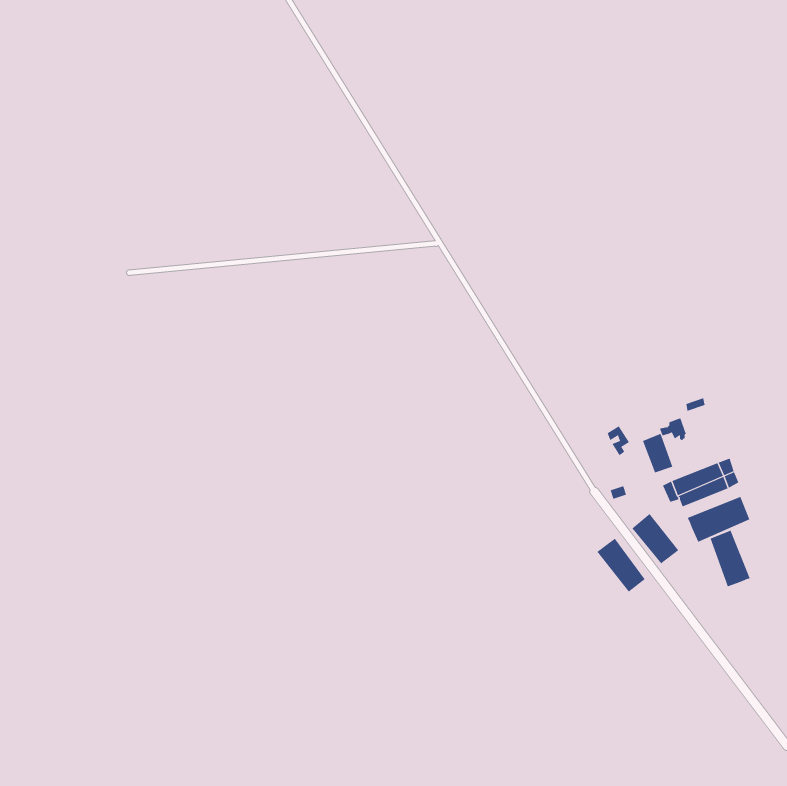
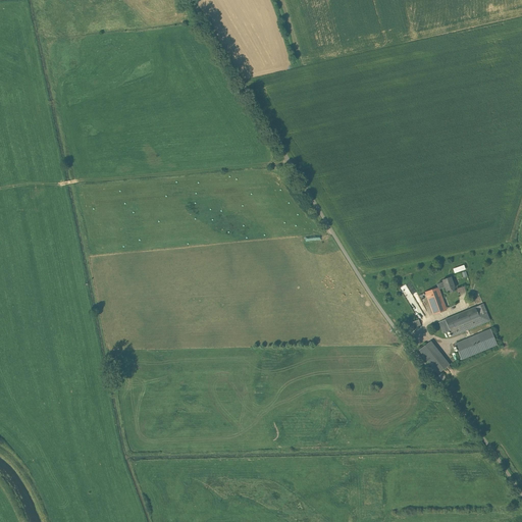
building: [710,530,750,587] -> none
building: [596,538,646,593] -> none

